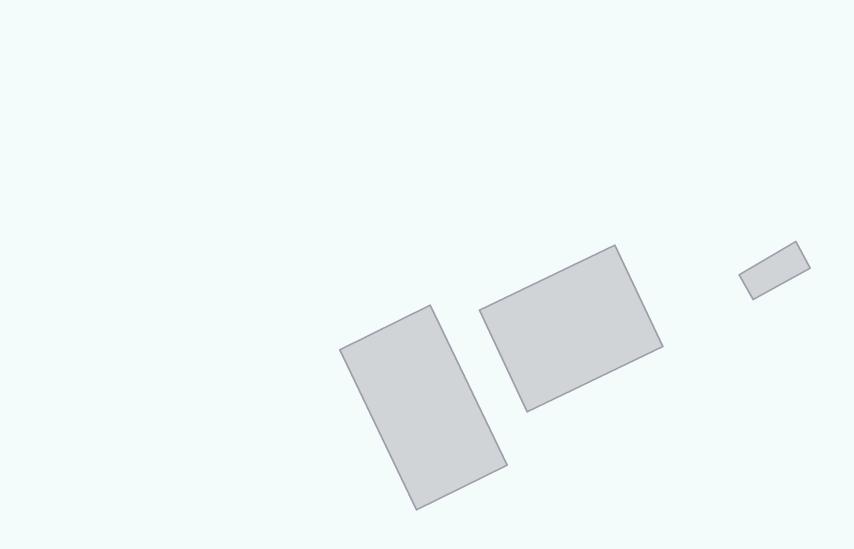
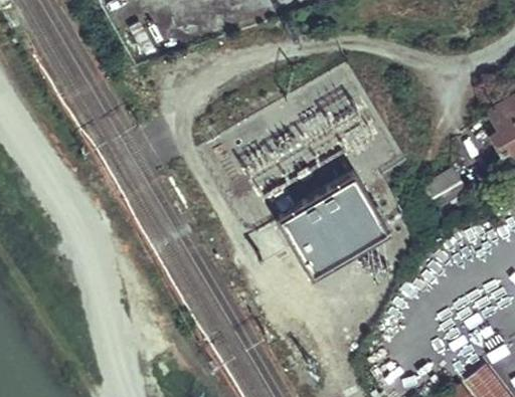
building: [340,305,507,510] -> none

